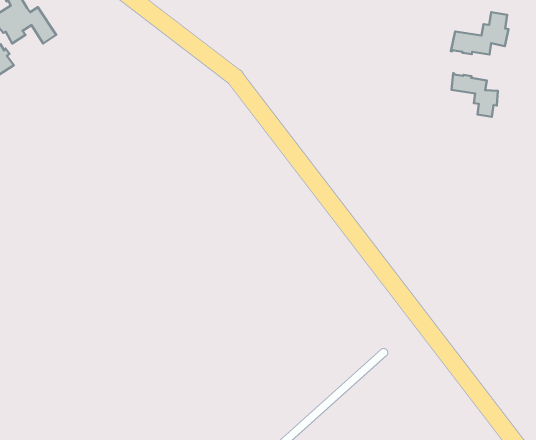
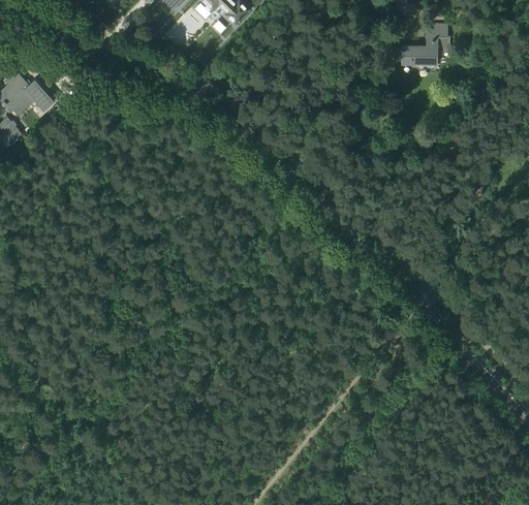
building: [452,73,498,117] -> none

